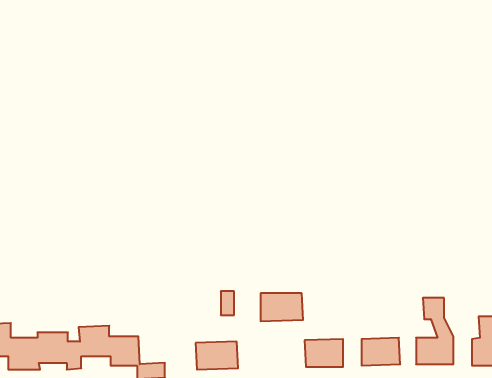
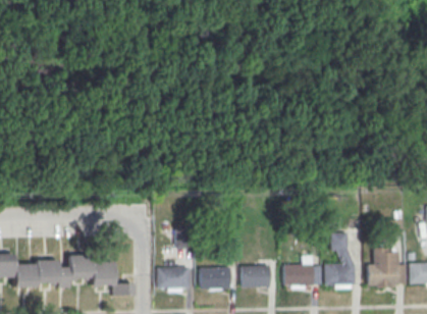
building: [261,293,303,321] -> [200,267,232,289]

